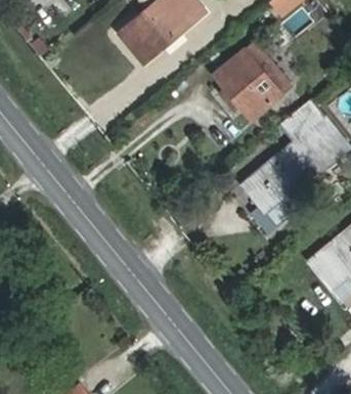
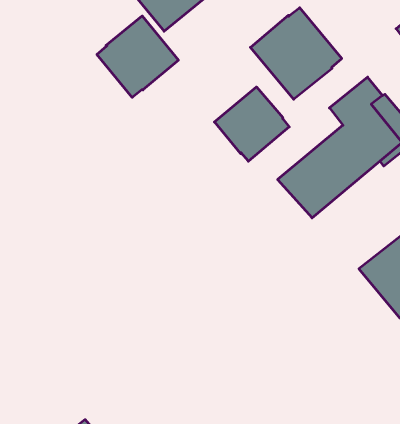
building: none -> [97,16,178,97]
building: none -> [214,87,289,161]

